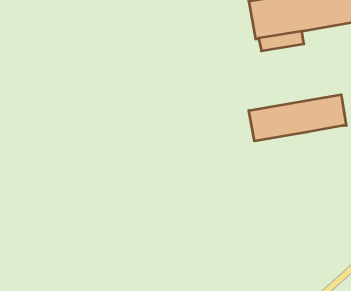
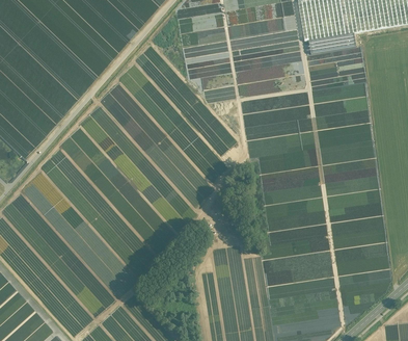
building: [249,95,346,141] -> none

